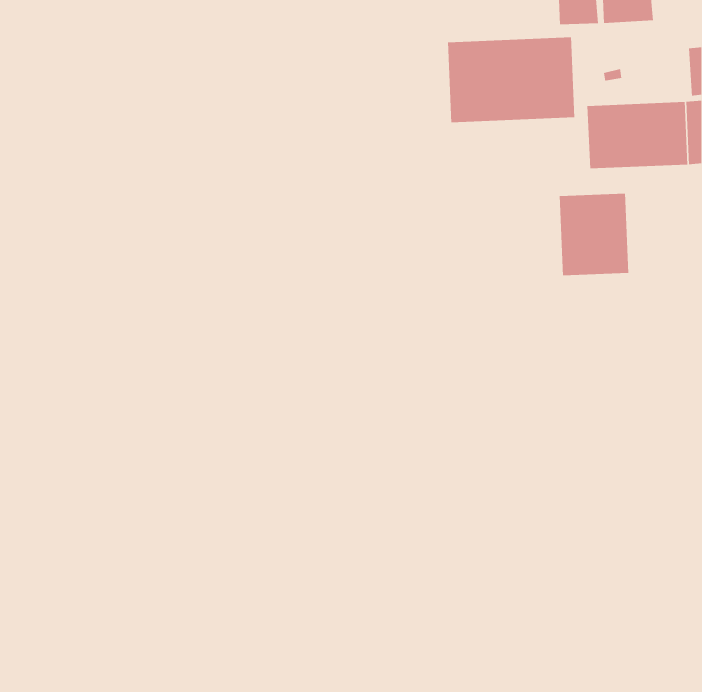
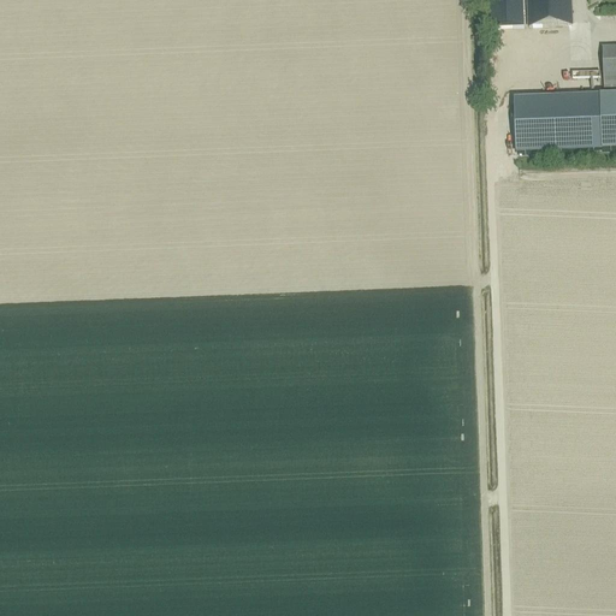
building: [448,37,575,123] -> none
building: [559,193,629,276] -> none

